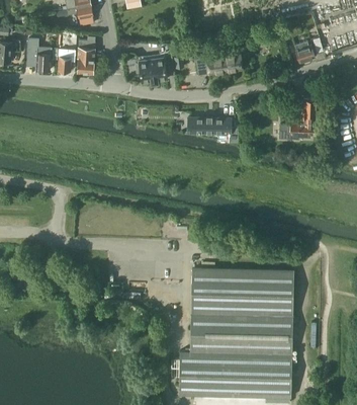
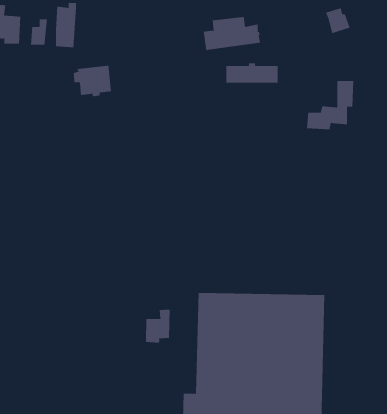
building: [135,58,166,83] -> [73,65,112,97]
building: [187,115,230,132] -> [225,63,278,83]
building: none -> [145,309,170,343]

